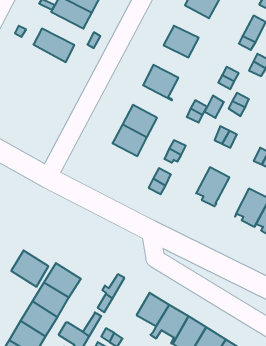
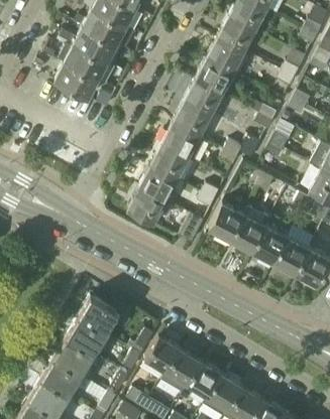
building: none -> [207,37,245,73]
building: none -> [60,42,109,81]
building: none -> [185,81,223,116]
building: none -> [162,124,205,160]
building: none -> [128,186,168,224]
building: none -> [209,201,246,244]
building: none -> [252,224,289,266]
building: [11,250,48,287] -> [79,294,119,333]
building: none -> [144,335,181,373]

